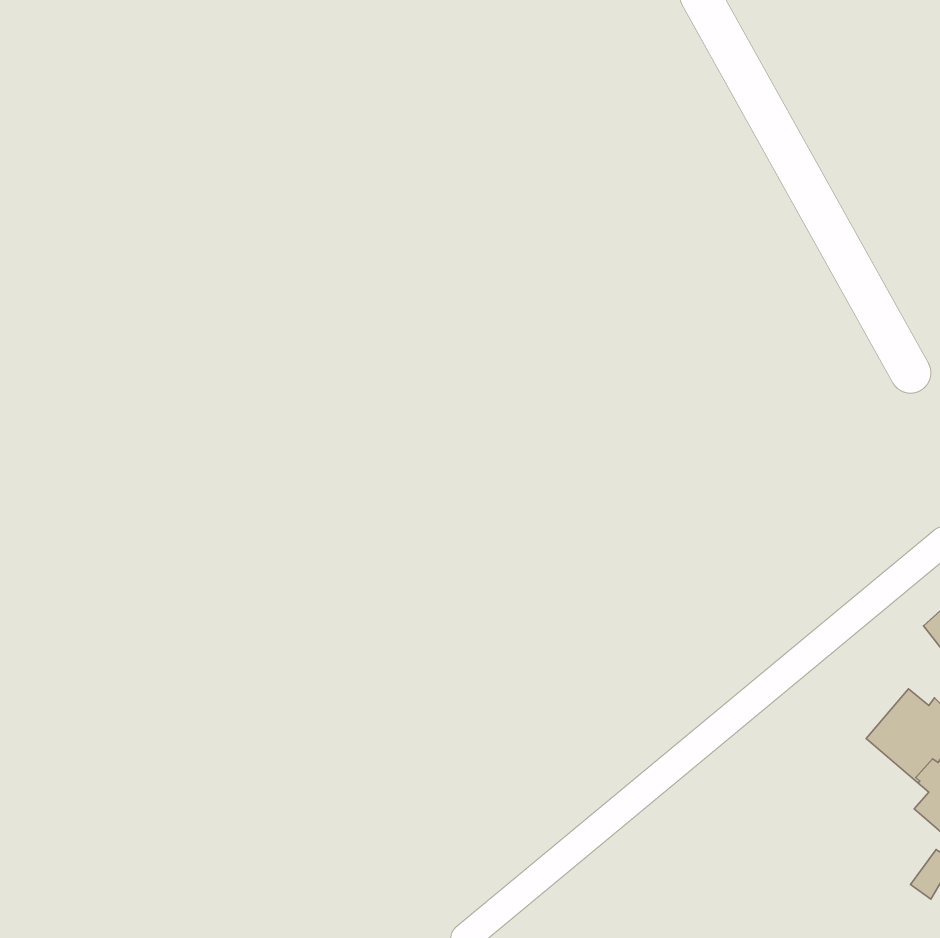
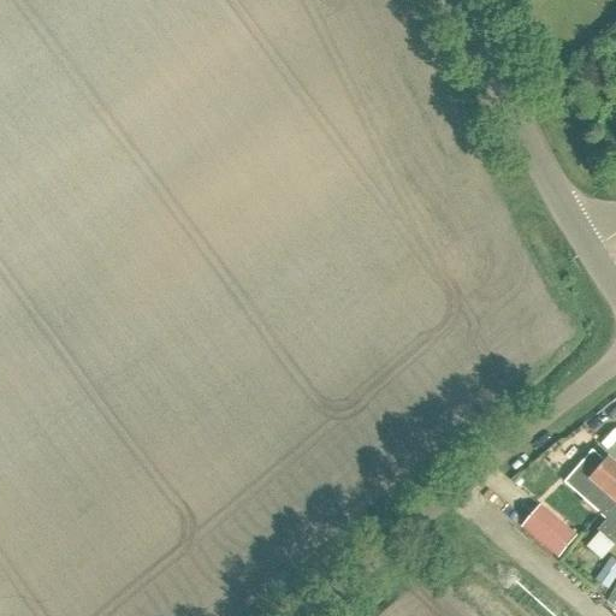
building: none -> [527,507,581,558]

